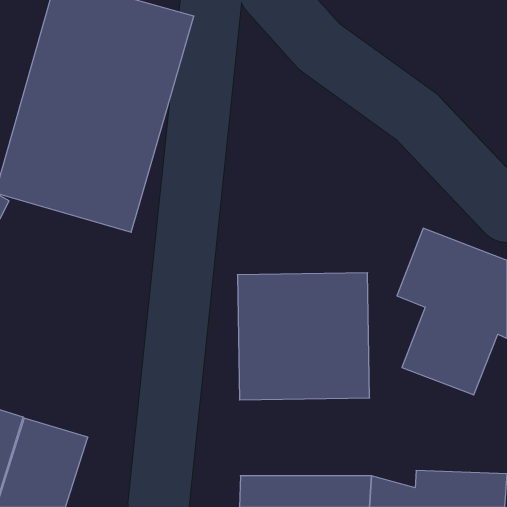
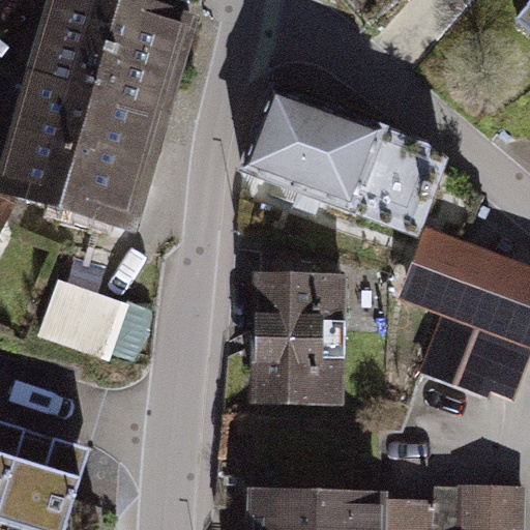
building: none -> [245,86,441,232]
building: none -> [35,281,125,360]

